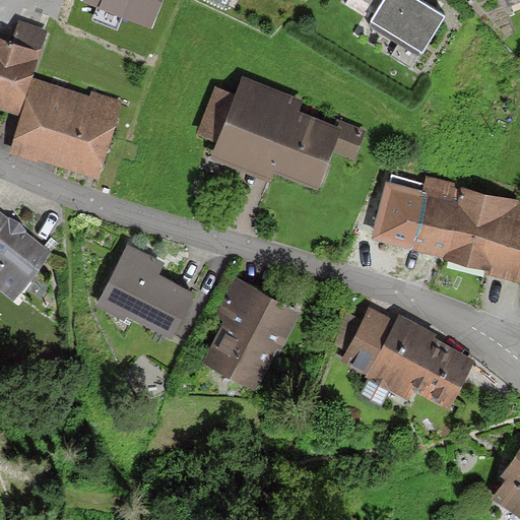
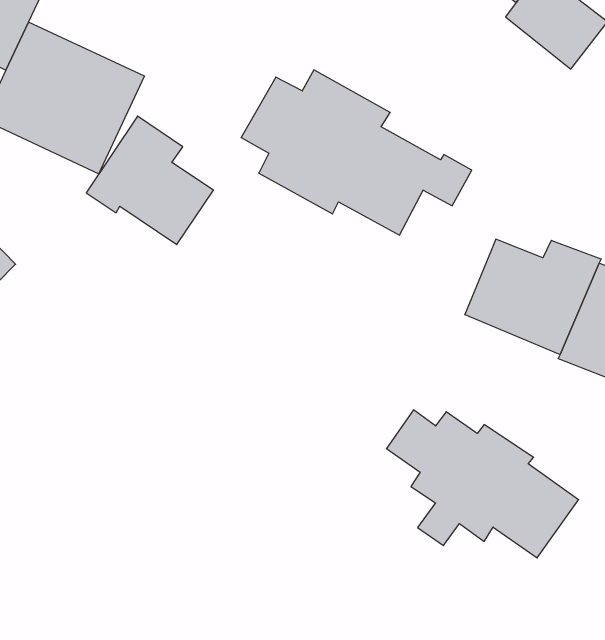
building: [100,247,190,334] -> [86,116,214,245]
building: [205,280,300,389] -> none

